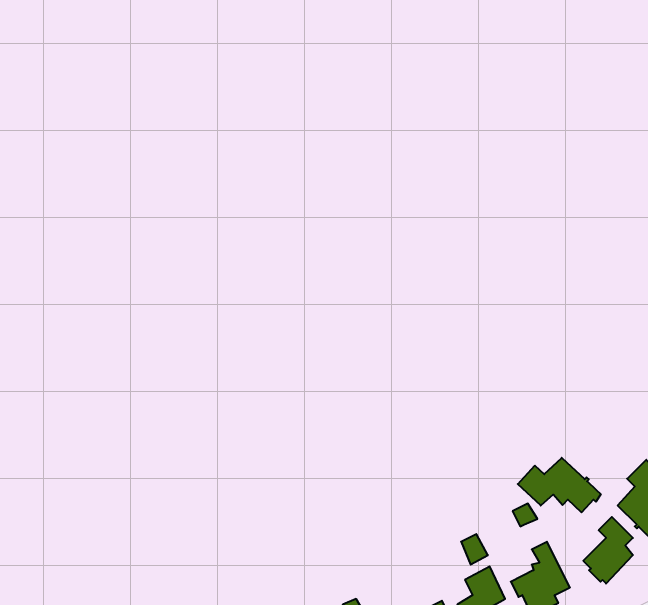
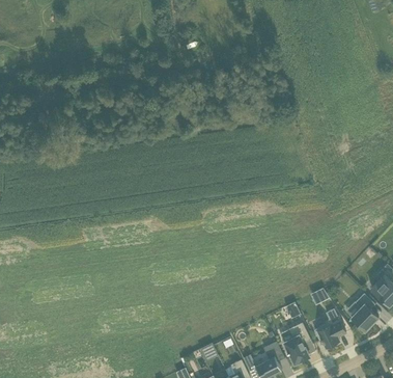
building: [518,458,601,512] -> none

